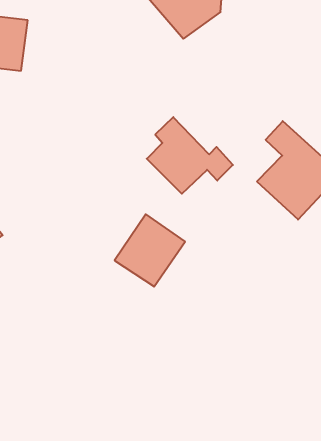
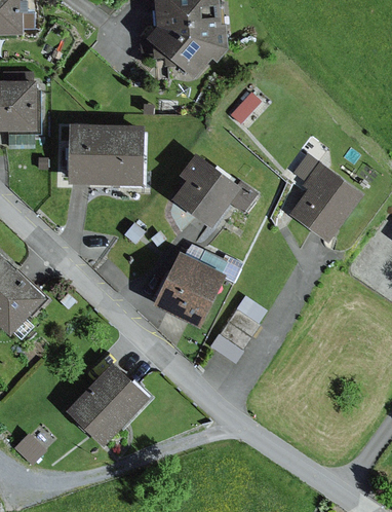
building: none -> [69,125,142,182]
building: none -> [66,362,148,444]

